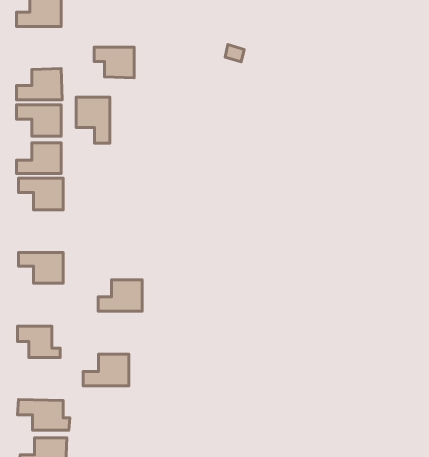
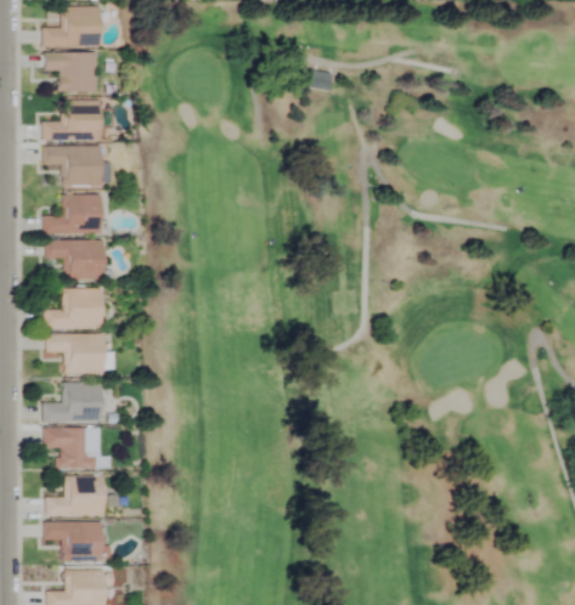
building: [94,47,134,78] -> [46,52,97,91]
building: [76,97,110,143] -> none
building: none -> [44,288,102,328]
building: [98,280,142,311] -> [46,381,102,422]
building: [83,354,129,386] -> [47,475,106,515]

